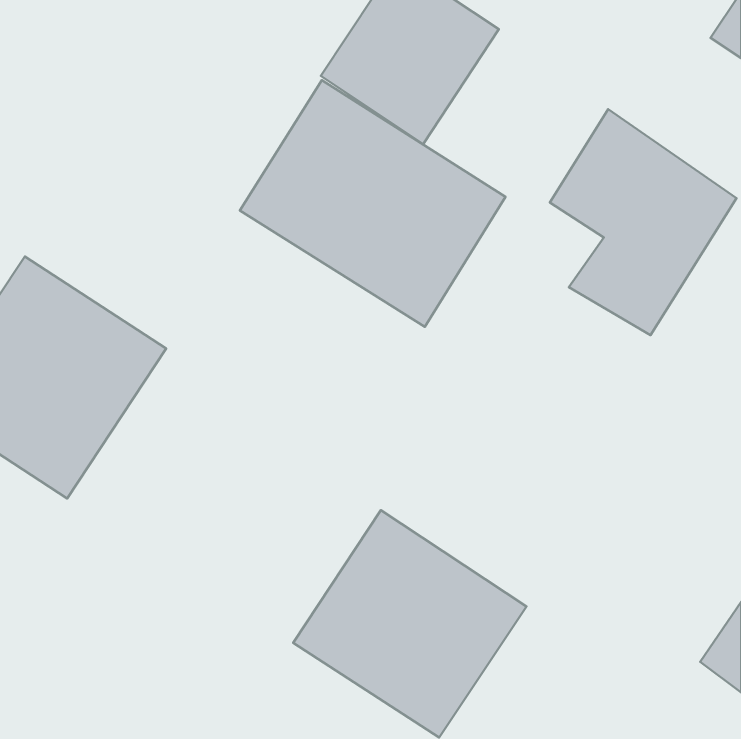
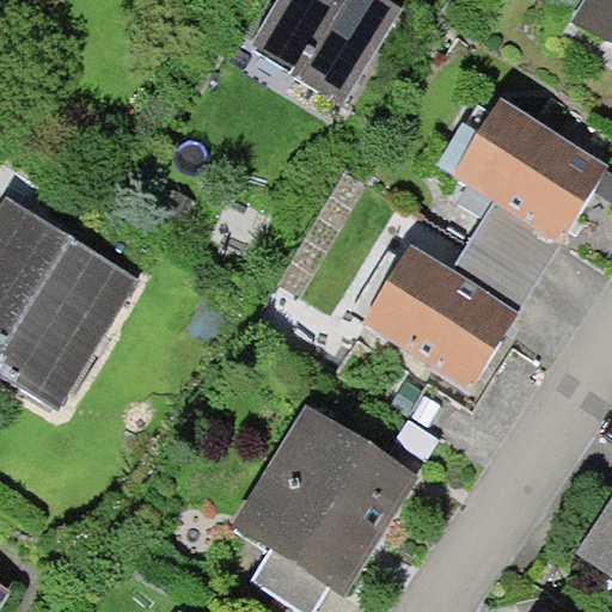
building: [240,80,506,327] -> none
building: none -> [361,235,533,384]

